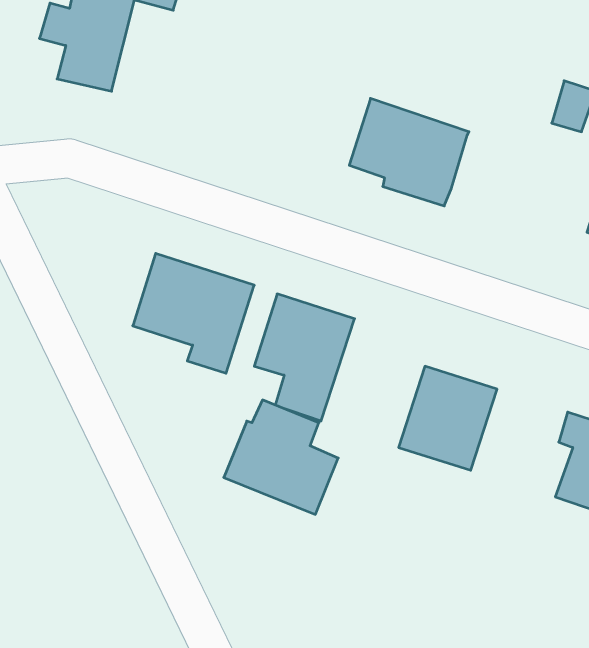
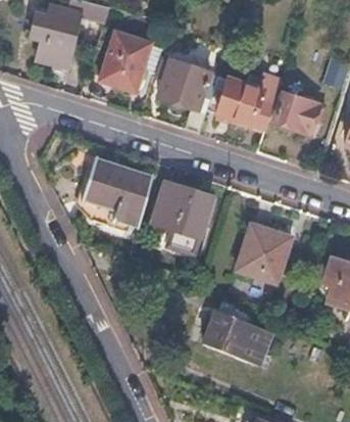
building: none -> [98,32,149,93]
building: none -> [155,59,206,135]
building: none -> [265,91,324,135]
building: [224,400,338,514] -> [200,300,266,367]

